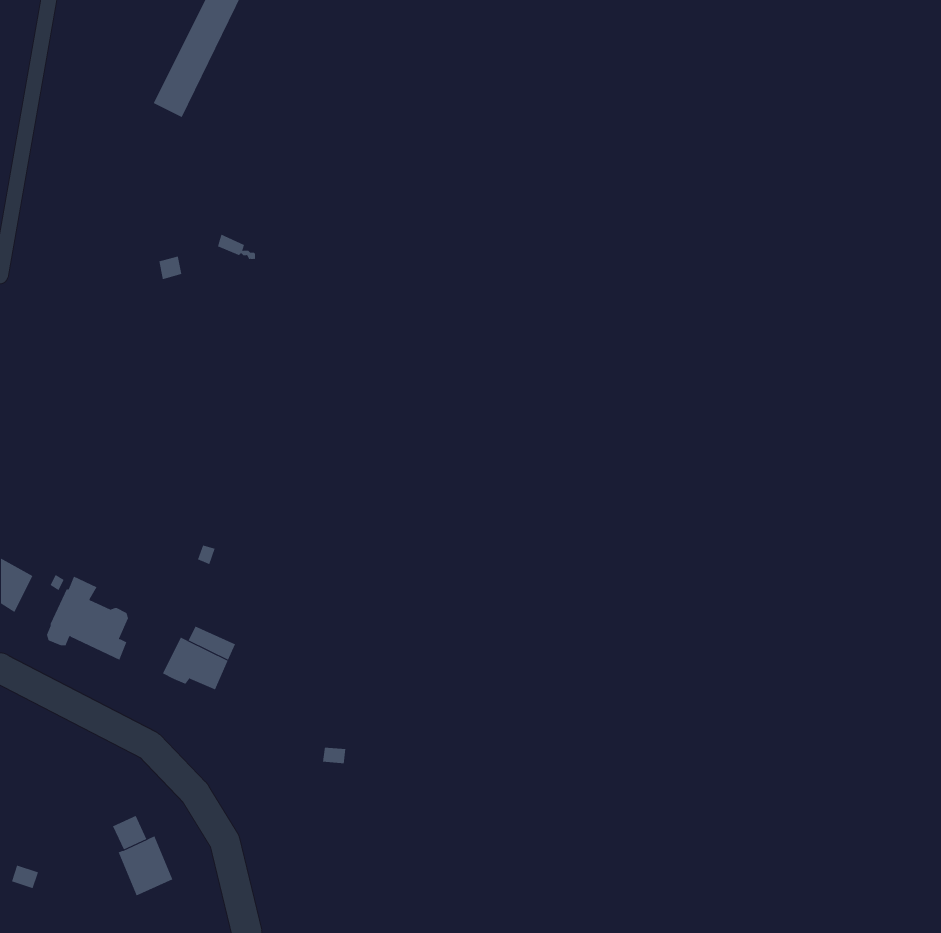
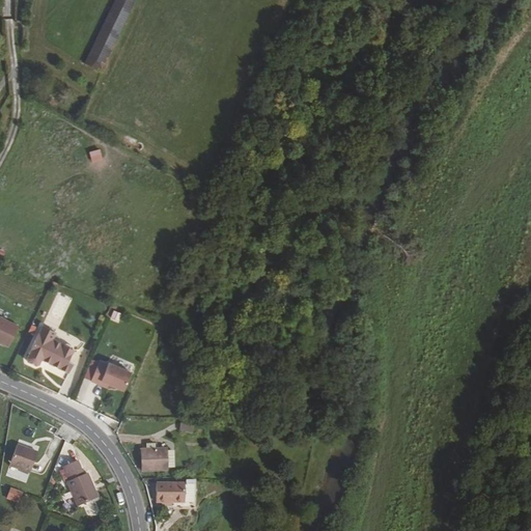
building: none -> [9,445,37,472]
building: none -> [142,448,166,471]
building: none -> [155,482,183,502]

